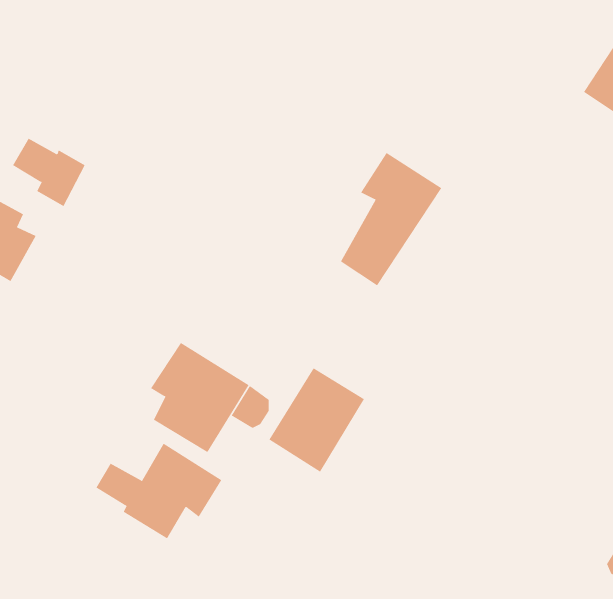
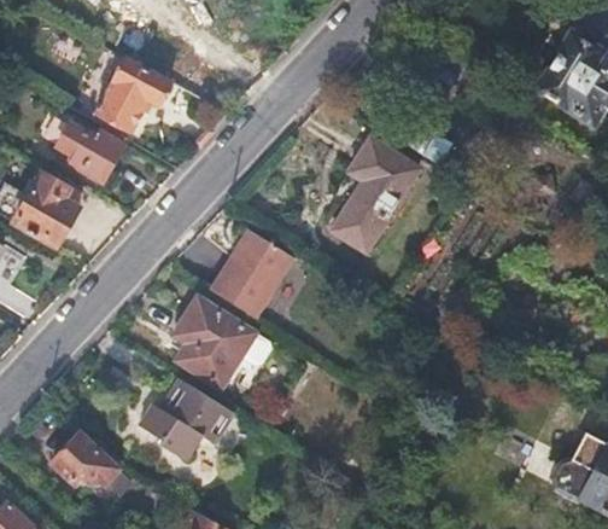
building: none -> [97,57,170,130]
building: [269,367,365,472] -> [211,229,292,318]
building: none -> [54,436,118,487]

